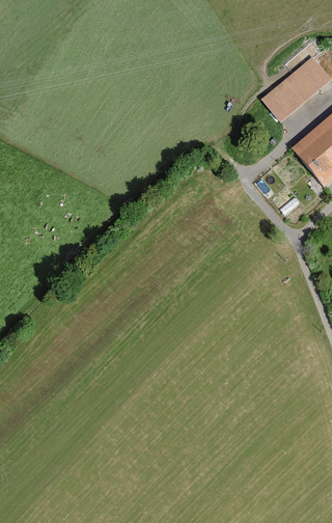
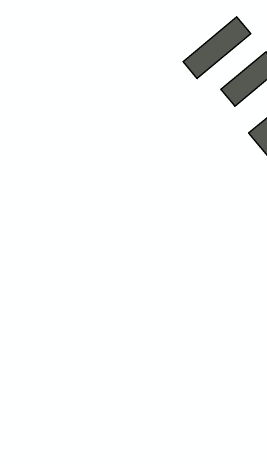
building: none -> [183,17,251,79]

